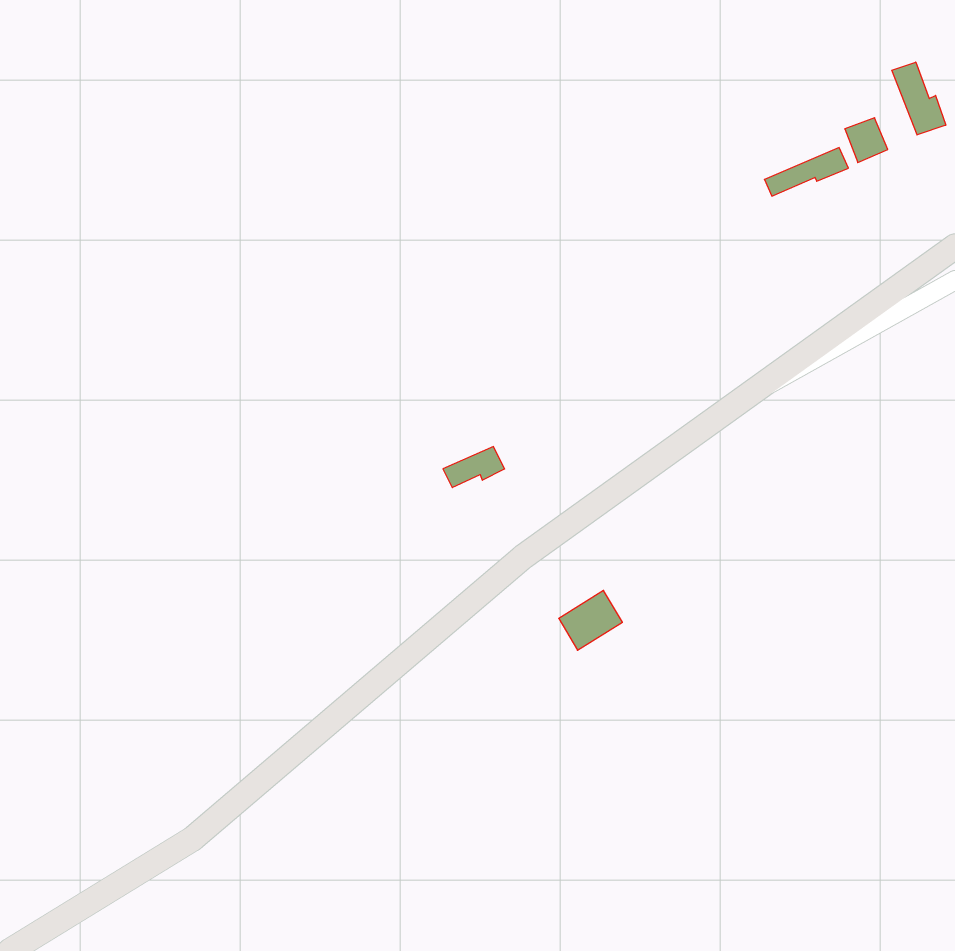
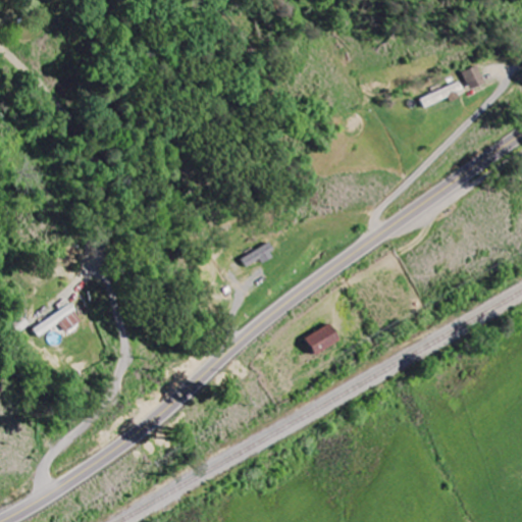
building: [892,62,946,135] -> none
building: none -> [32,303,81,335]

